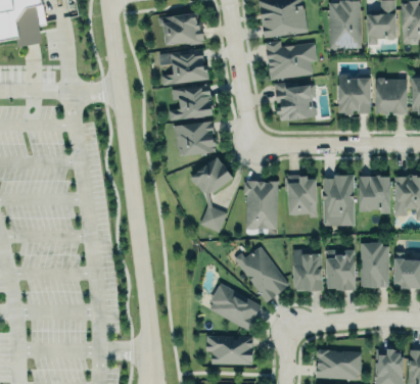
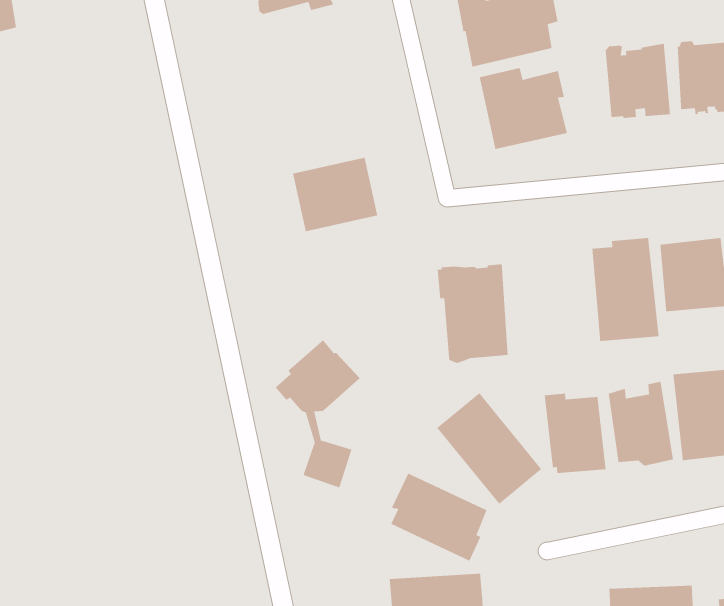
building: [161,51,209,85] -> none
building: [169,85,214,119] -> none
building: [191,155,235,232] -> [275,339,360,489]
building: [285,174,317,217] -> none

